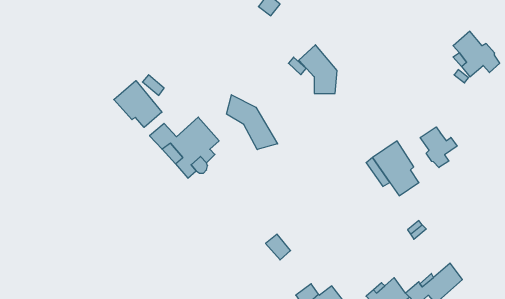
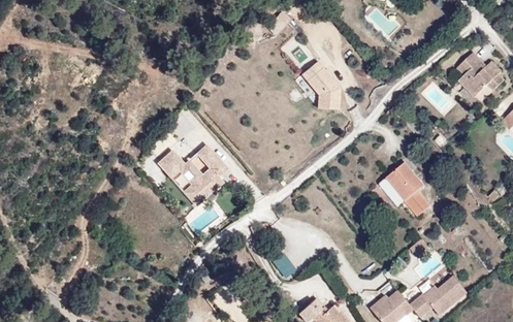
building: [114,81,162,127] -> none
building: [226,95,278,150] -> none
building: [420,127,457,168] -> none

